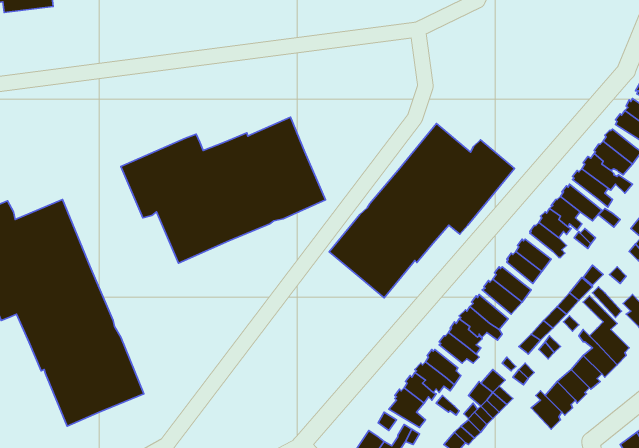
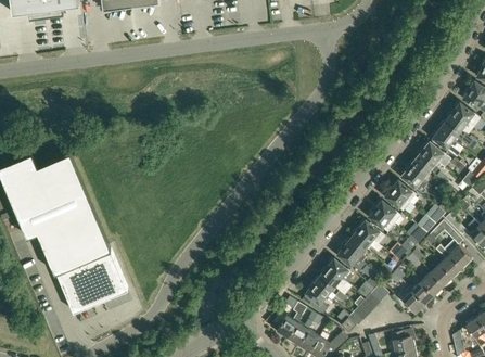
building: [121,117,325,263] -> none
building: [329,124,515,298] -> none

